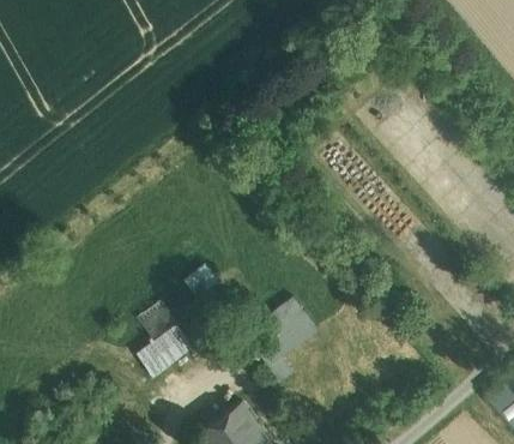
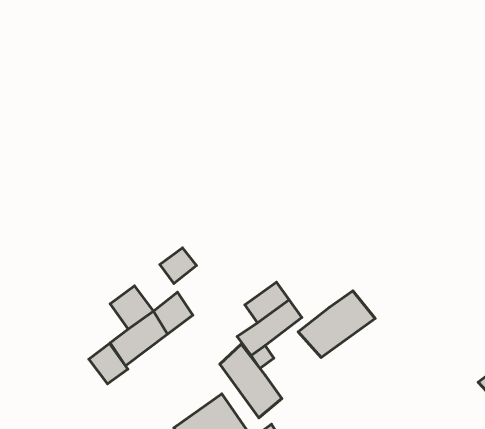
building: none -> [298,291,375,358]
building: none -> [89,344,128,384]
building: none -> [220,344,282,418]

